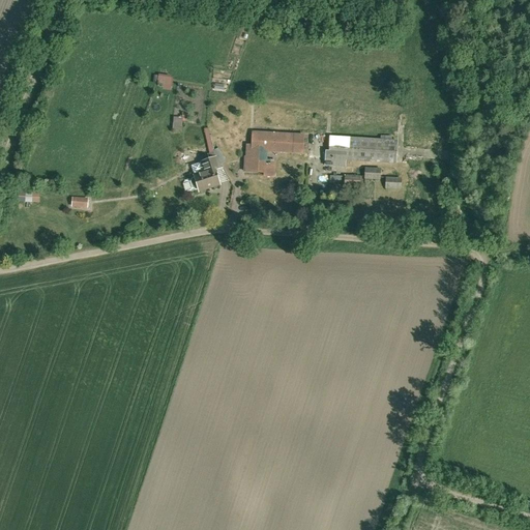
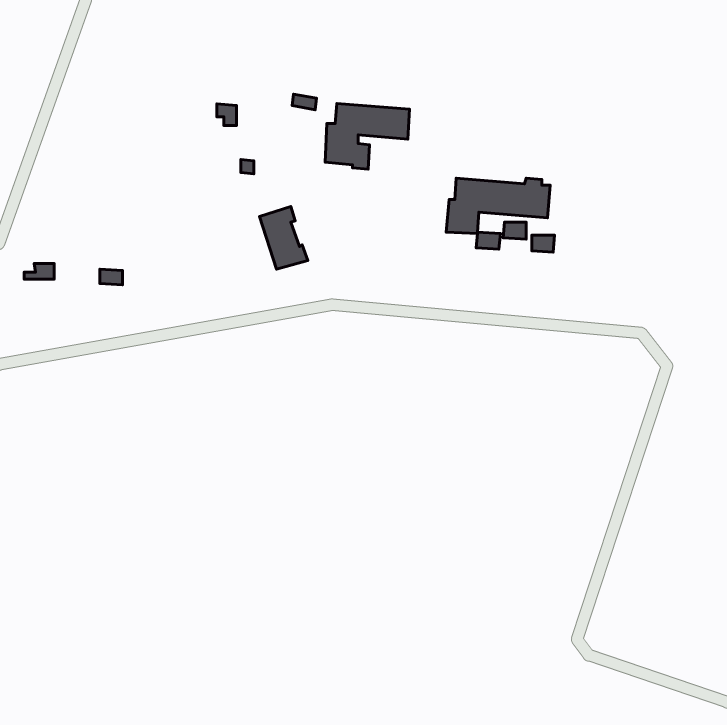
building: [243,130,304,178] -> [325,104,409,169]

